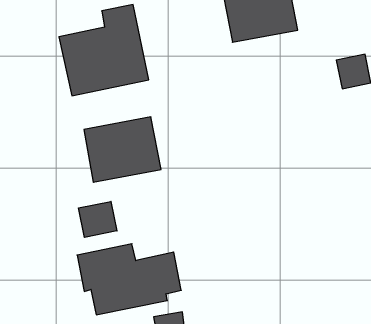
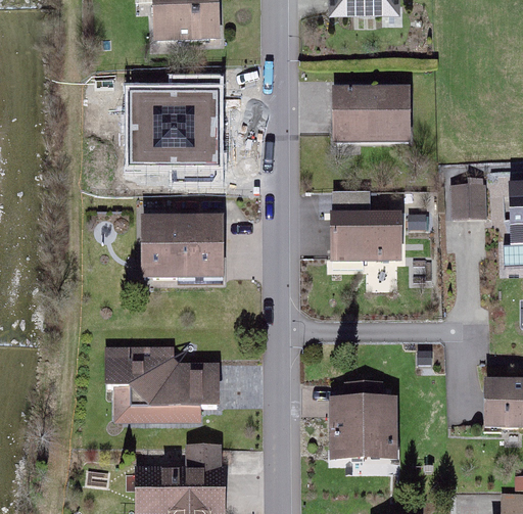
building: none -> [332,220,400,274]
building: [79,201,117,237] -> none
building: none -> [328,391,396,456]

